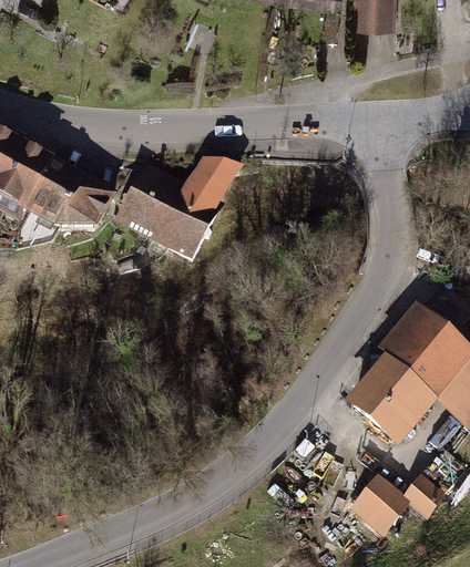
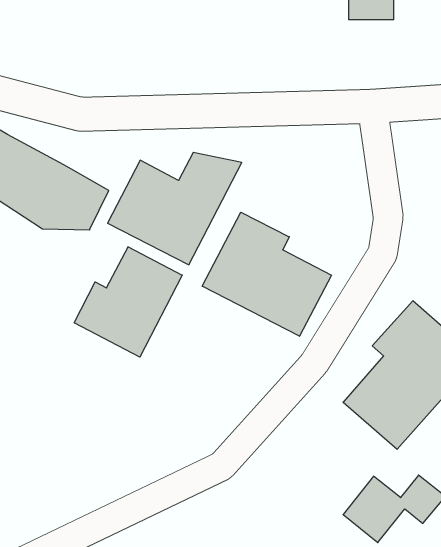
building: none -> [202,212,331,336]
building: none -> [74,247,182,357]

